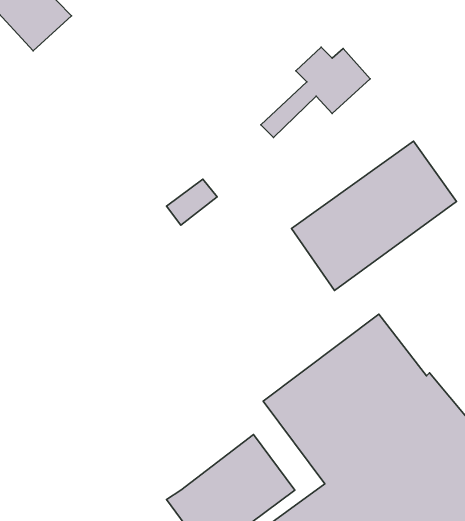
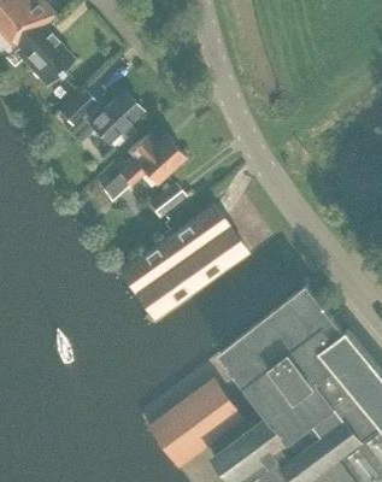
building: [261,47,370,137] -> [101,134,184,202]
building: none -> [59,90,143,145]
building: [292,141,456,290] -> [121,206,246,319]

